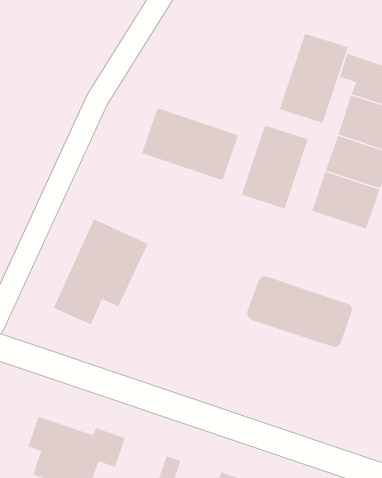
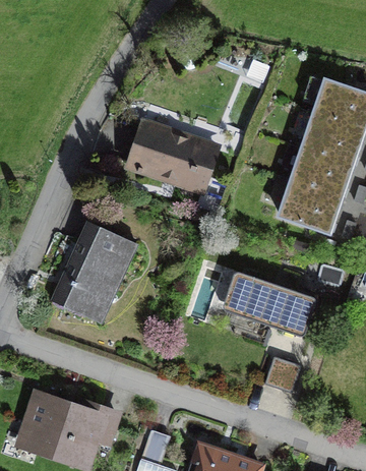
building: [279,33,349,124] -> none
building: [241,125,309,209] -> none
building: none -> [265,357,301,393]

